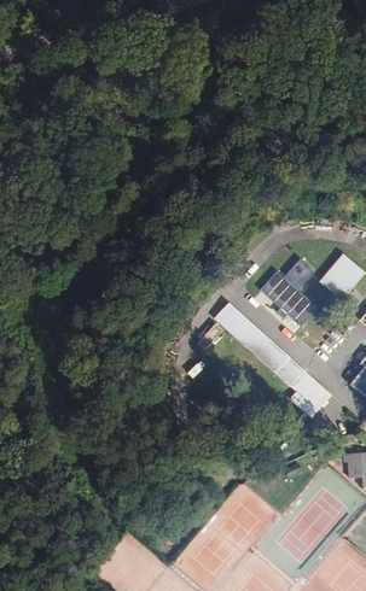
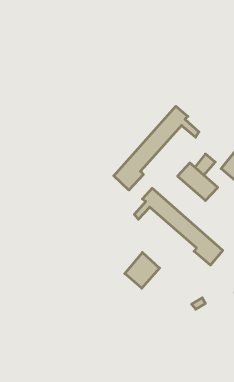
building: none -> [114,106,199,190]
building: none -> [125,252,160,288]

